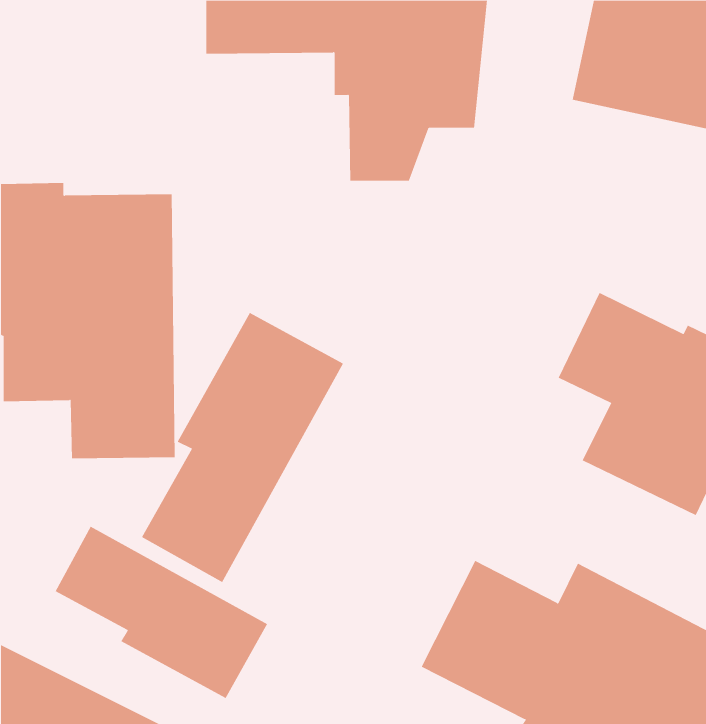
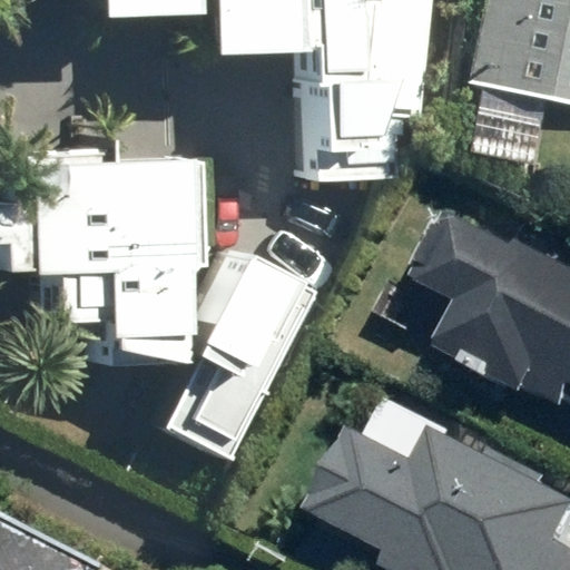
building: [55,526,268,699] -> none

